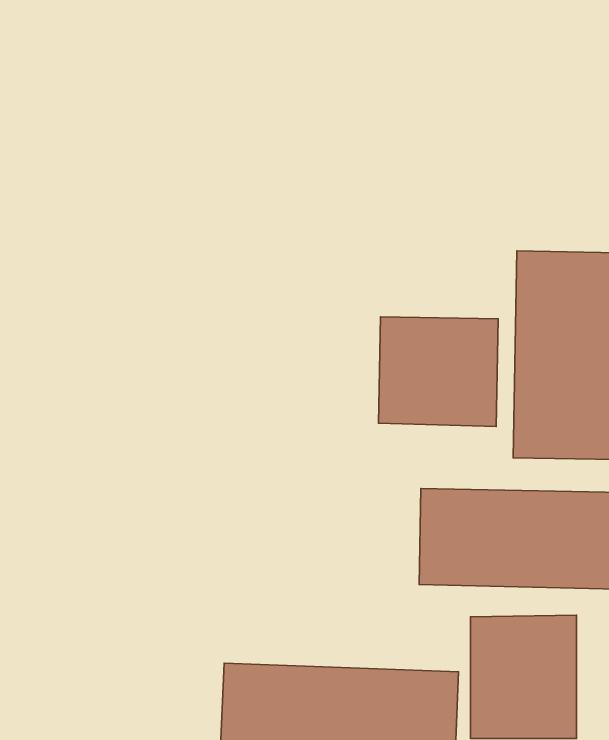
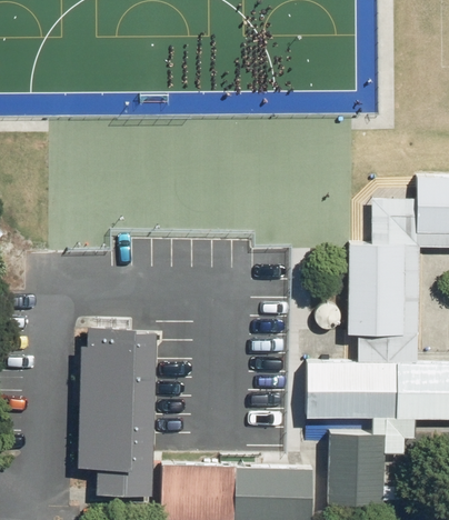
building: [379,317,498,427] -> none
building: none -> [78,332,158,497]

